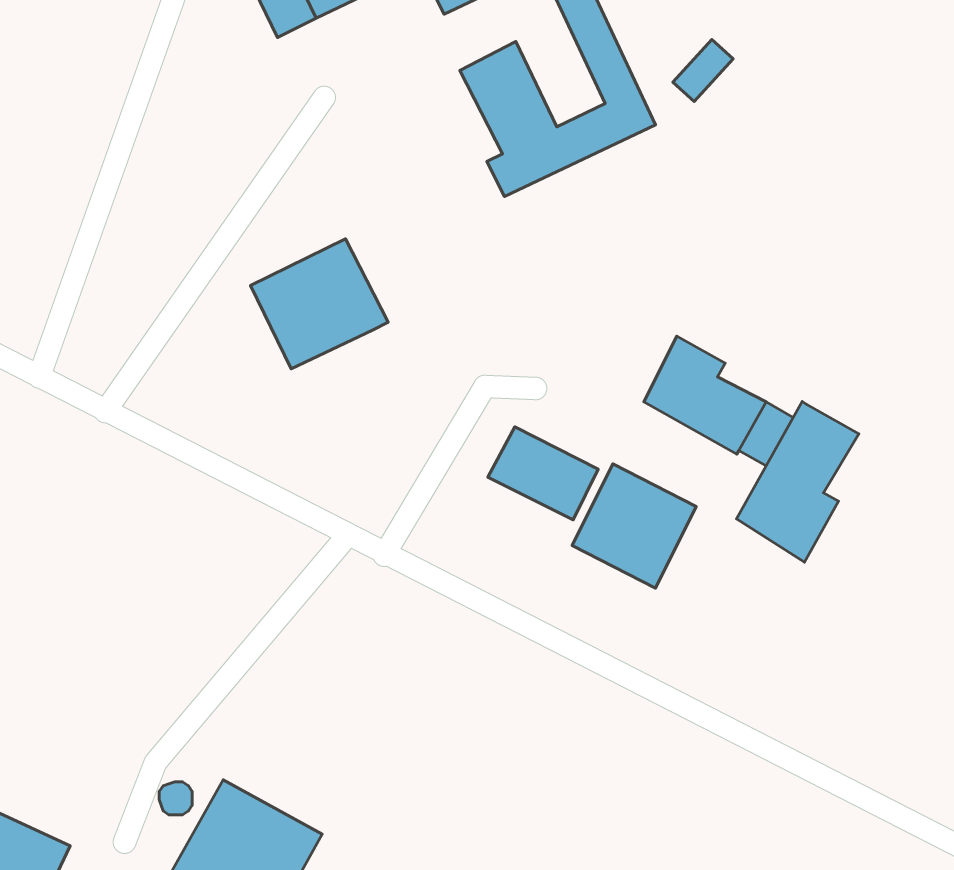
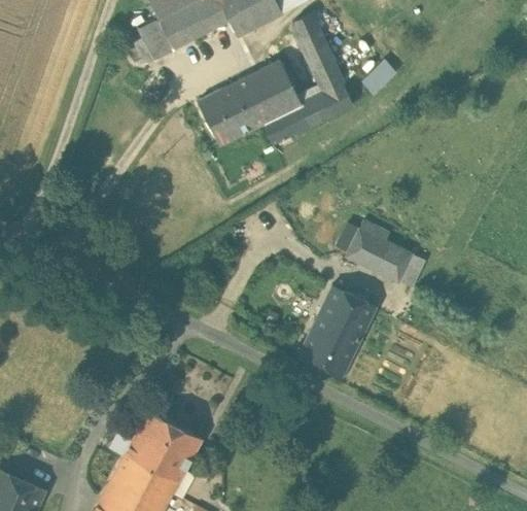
building: [250,239,388,369] -> [199,76,272,145]
building: [736,402,859,562] -> none
building: [488,427,598,520] -> [294,329,353,378]
building: none -> [124,408,201,482]

